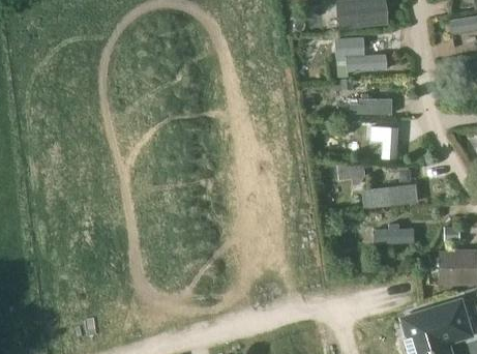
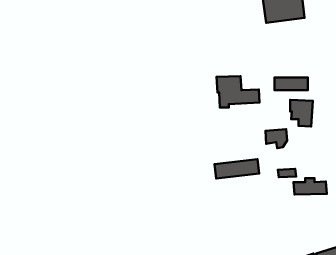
building: [334,37,388,77] -> [217,76,260,108]
building: [363,184,419,208] -> [215,159,259,178]

